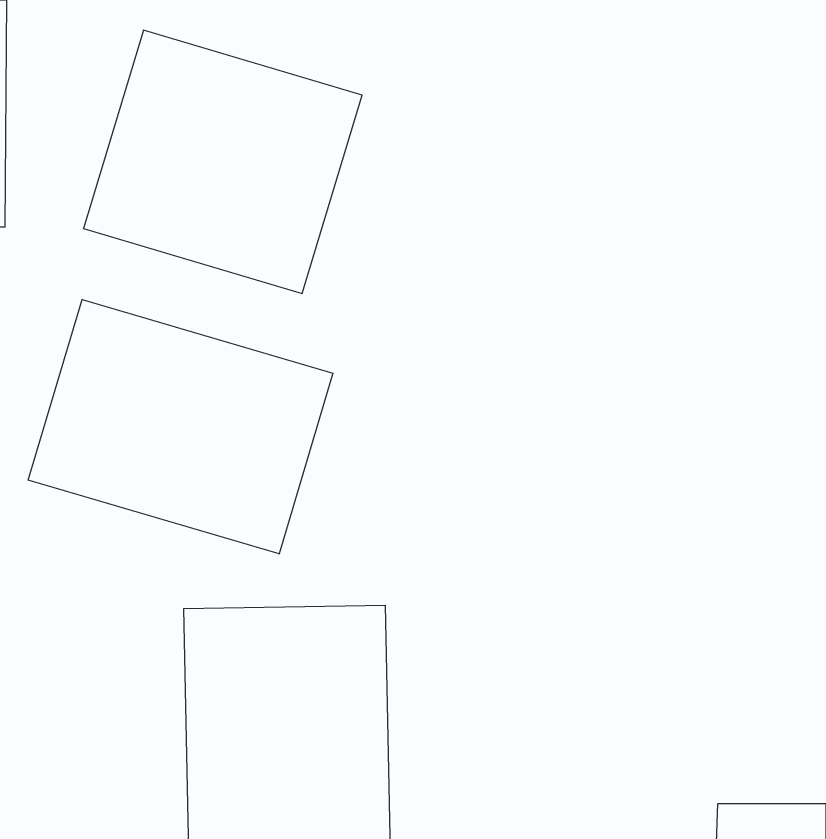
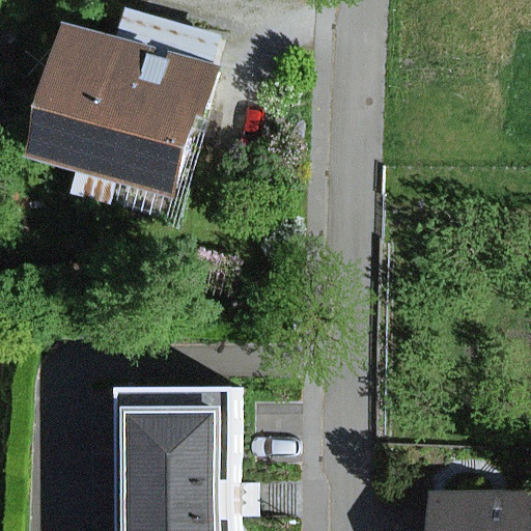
building: [28,299,333,554] -> none

